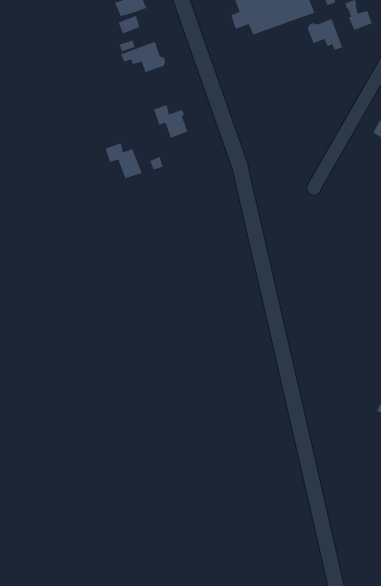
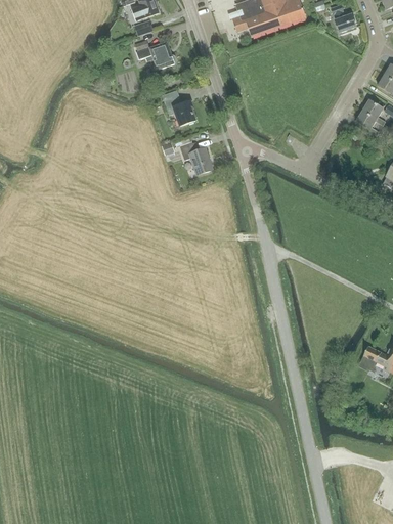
building: [307,18,343,51] -> none
building: [105,142,142,179] -> [179,142,212,174]

